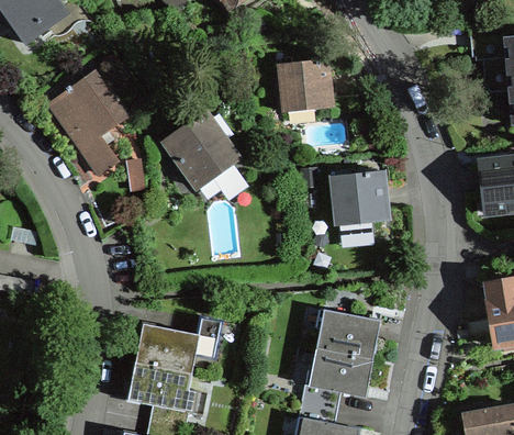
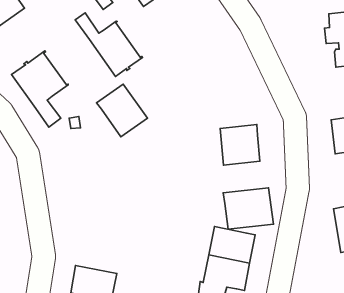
building: none -> [75,13,142,77]
building: [279,59,331,112] -> none
building: none -> [223,188,273,229]
building: [136,319,221,373] -> none

